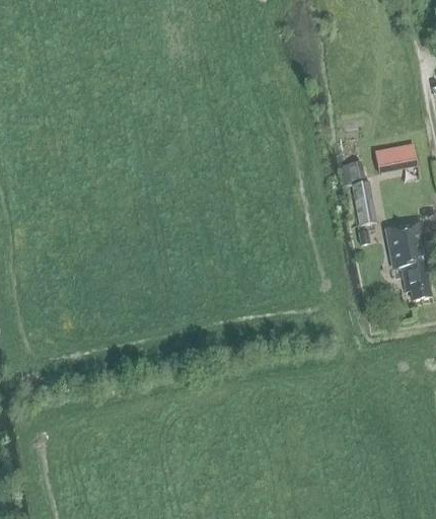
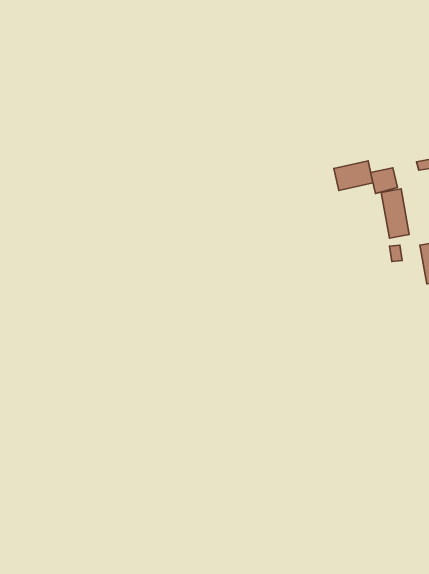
building: none -> [334,161,373,191]

